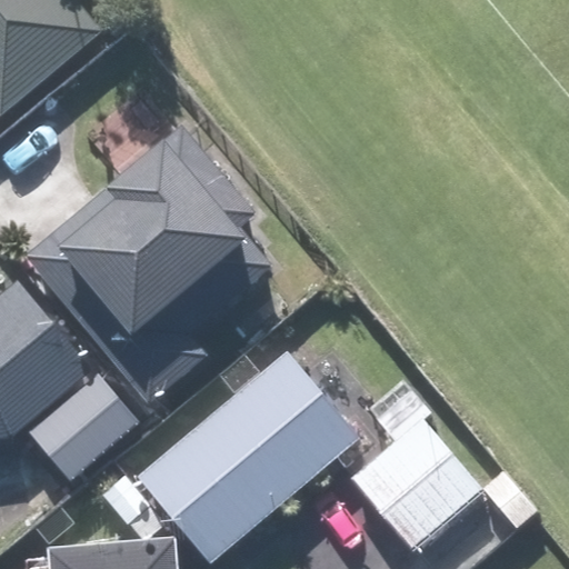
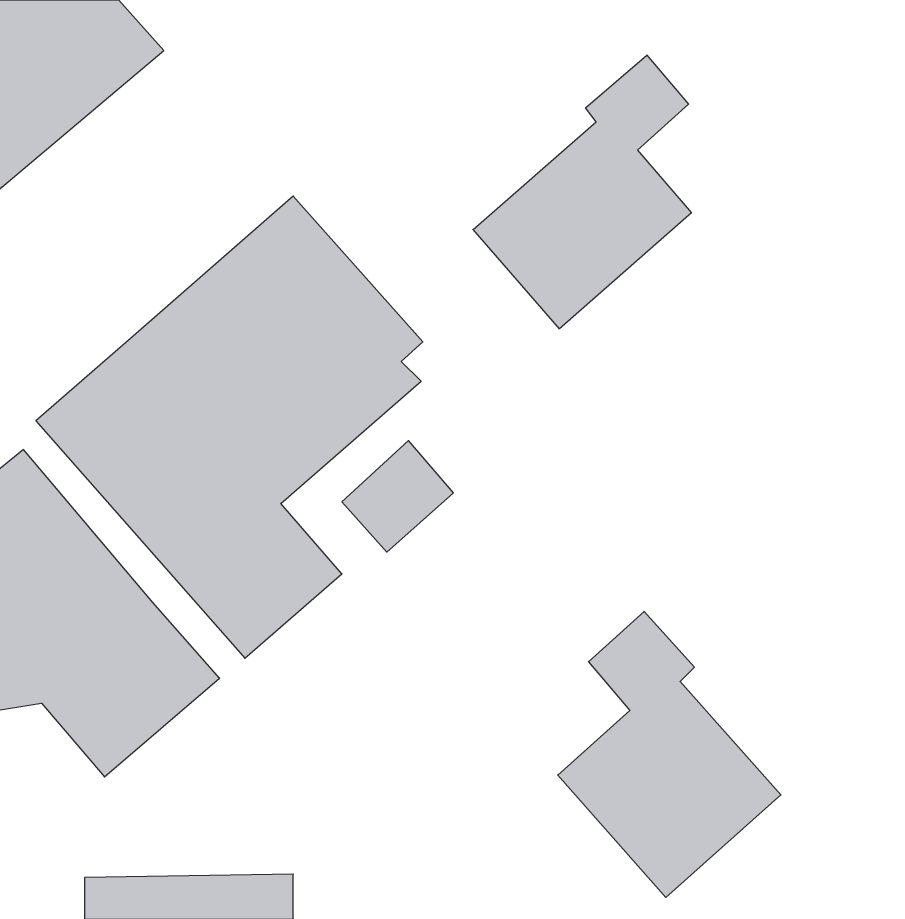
building: none -> [473,55,691,329]
building: [138,348,362,563] -> none

